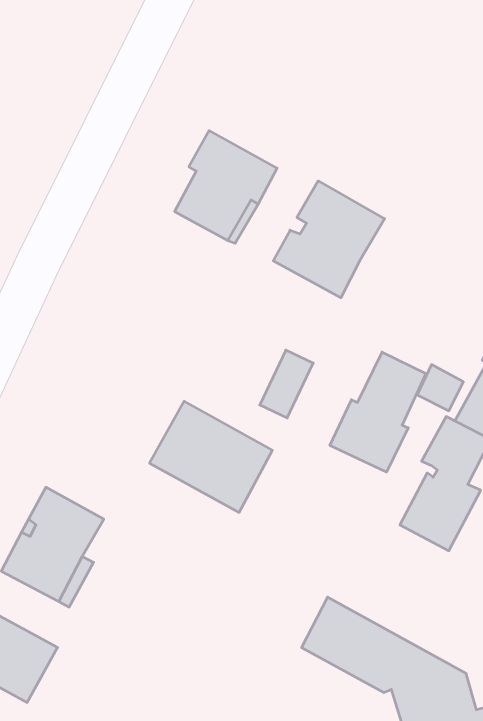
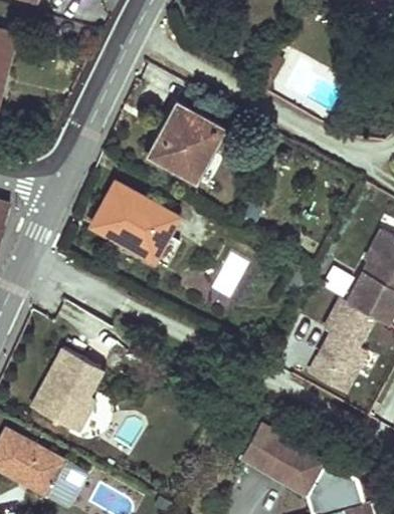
building: [273,181,385,298] -> none
building: [330,352,426,472] -> none
building: [150,401,272,512] -> [91,182,177,259]

